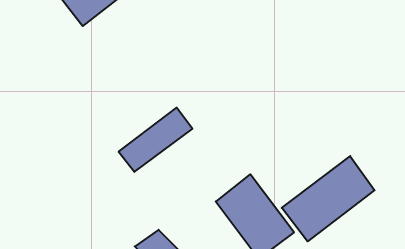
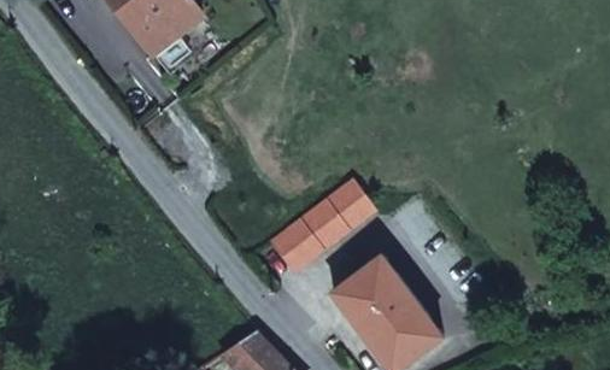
building: [119,108,192,172] -> [272,182,374,270]
building: [282,156,375,241] -> none

